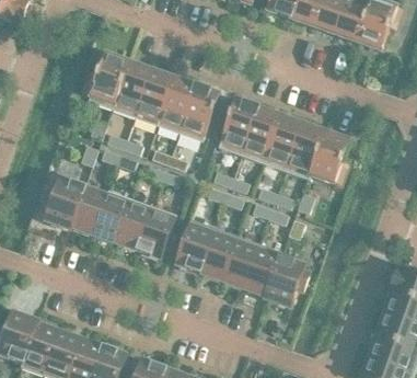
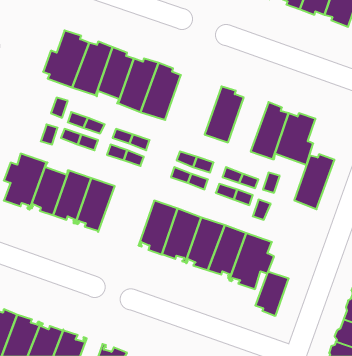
building: [218,103,257,156] -> none
building: [264,118,303,172] -> [294,154,335,209]
building: [137,206,176,259] -> none
building: none -> [255,272,289,316]

